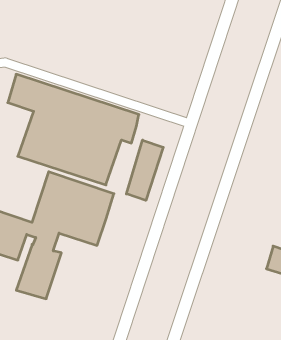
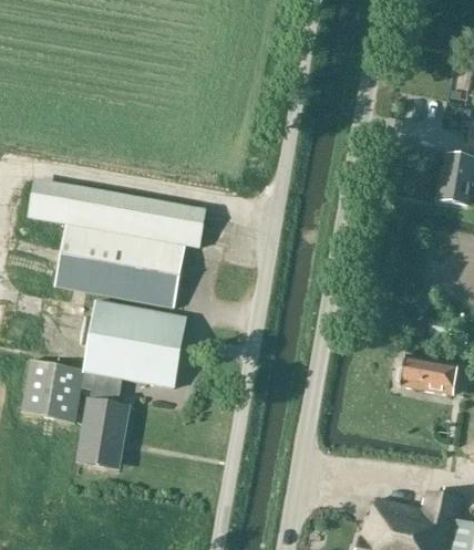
building: [126,140,163,200] -> none

